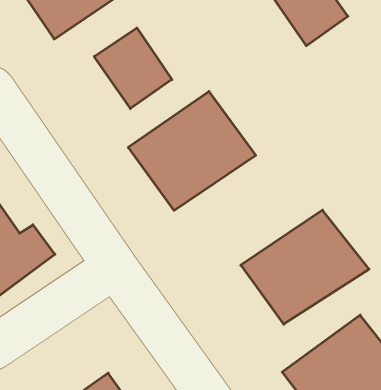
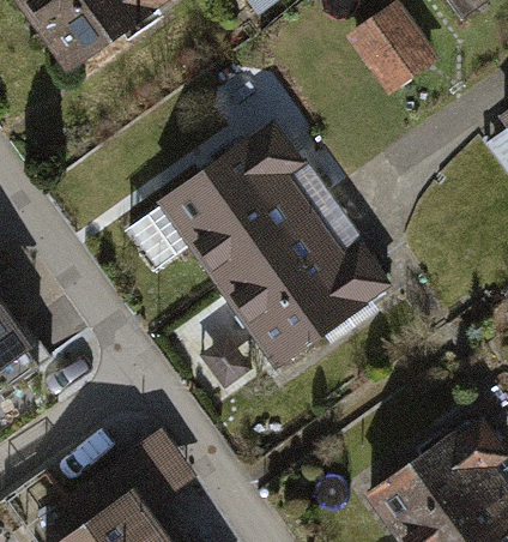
building: [94,28,172,109] -> none
building: [241,210,369,324] -> [223,224,385,368]

